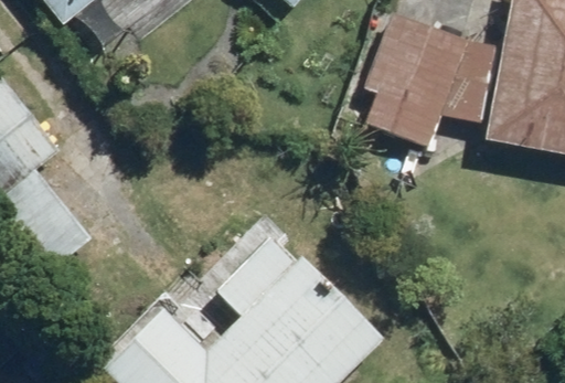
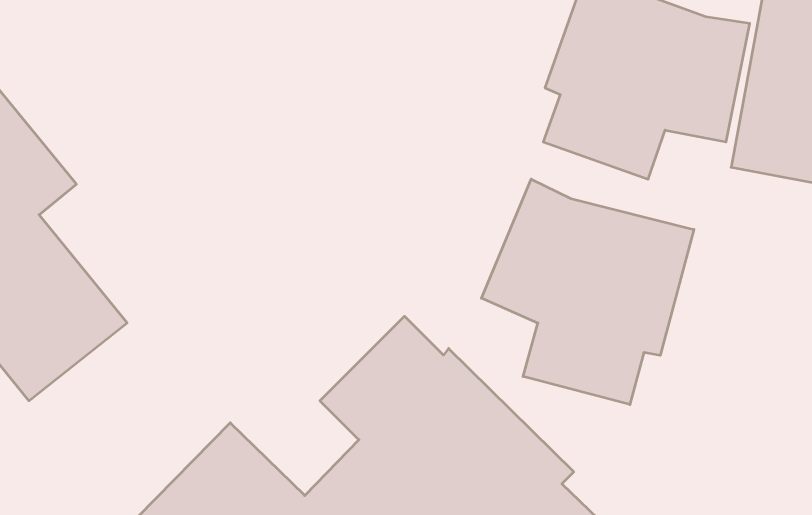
building: none -> [481,179,694,405]

